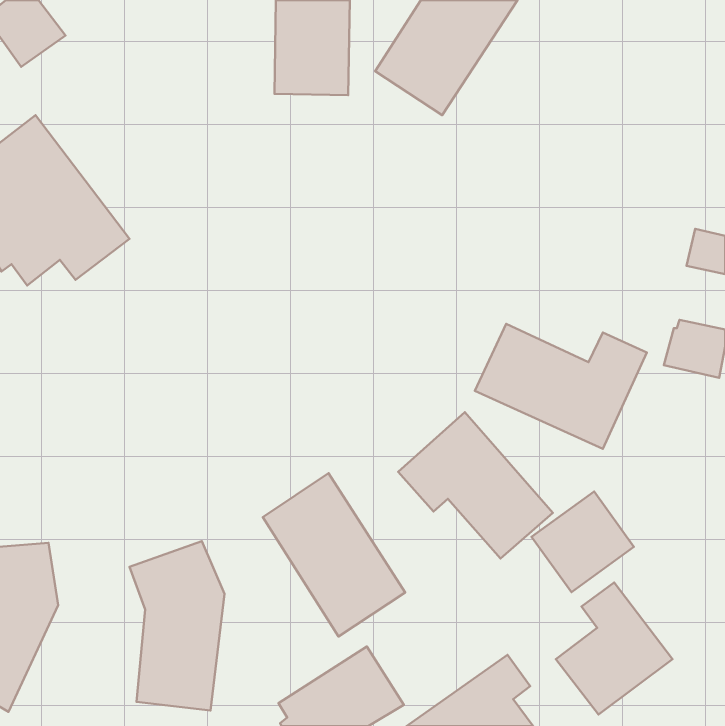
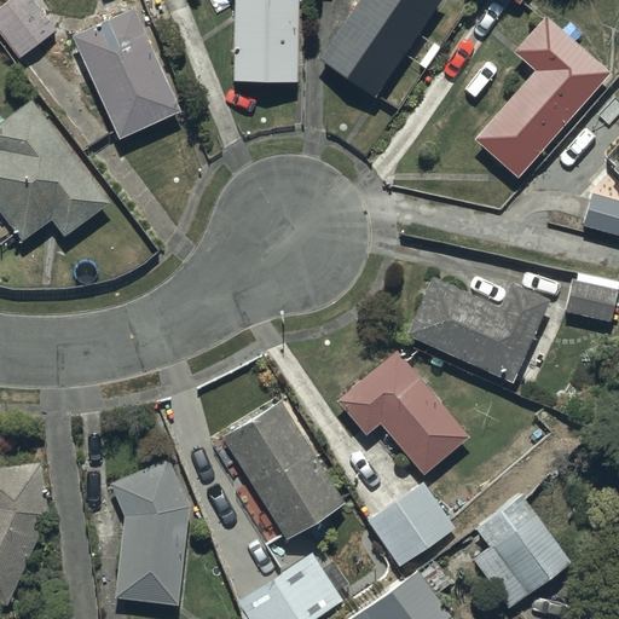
building: none -> [73,8,180,139]
building: none -> [474,16,612,179]
building: [532,491,634,592] -> [366,481,453,567]

